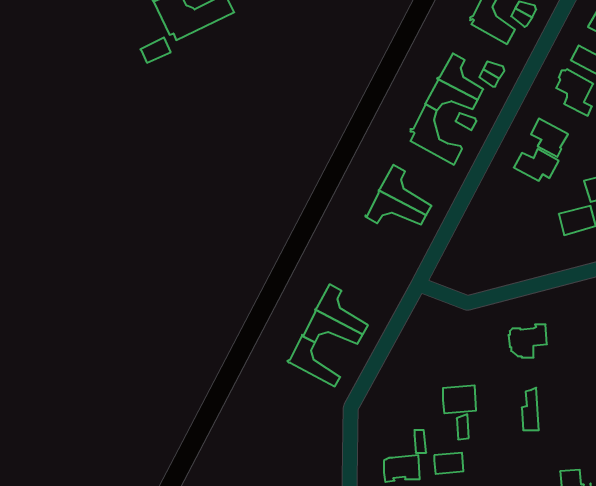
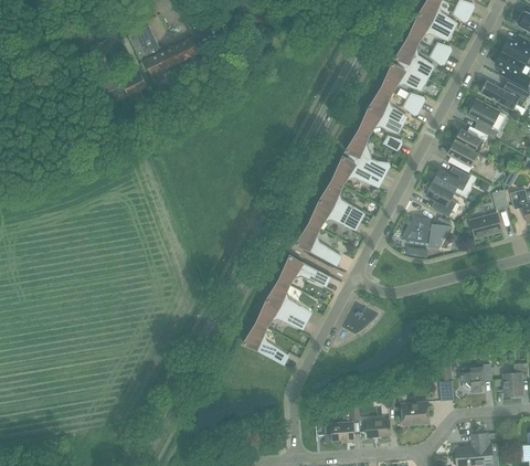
building: none -> [381,62,426,92]
building: none -> [453,127,487,153]
building: none -> [331,157,382,187]
building: none -> [425,181,456,216]
building: none -> [402,216,451,247]
building: none -> [296,222,340,265]
building: none -> [278,255,329,285]
building: [508,324,547,358] -> [459,363,491,391]
building: [443,385,476,413] -> [401,401,428,424]

